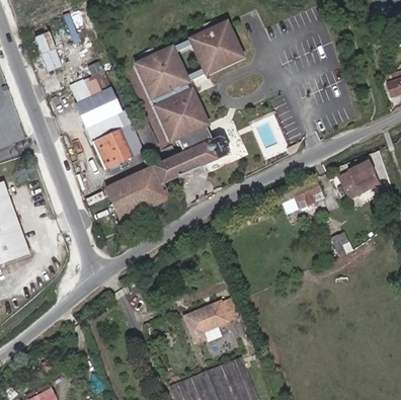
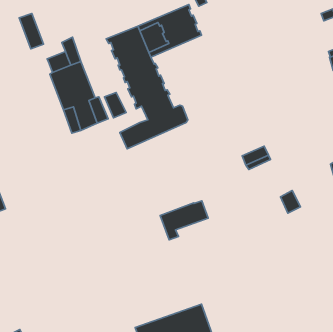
building: [340,159,379,196] -> none
building: [107,165,170,218] -> none
building: [184,299,238,342] -> [160,201,208,240]

